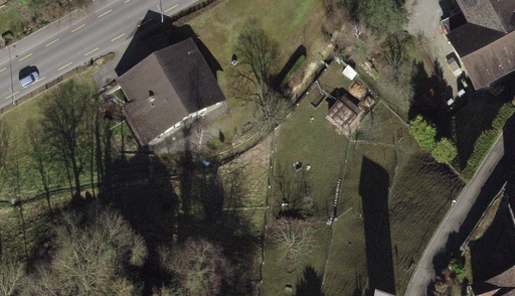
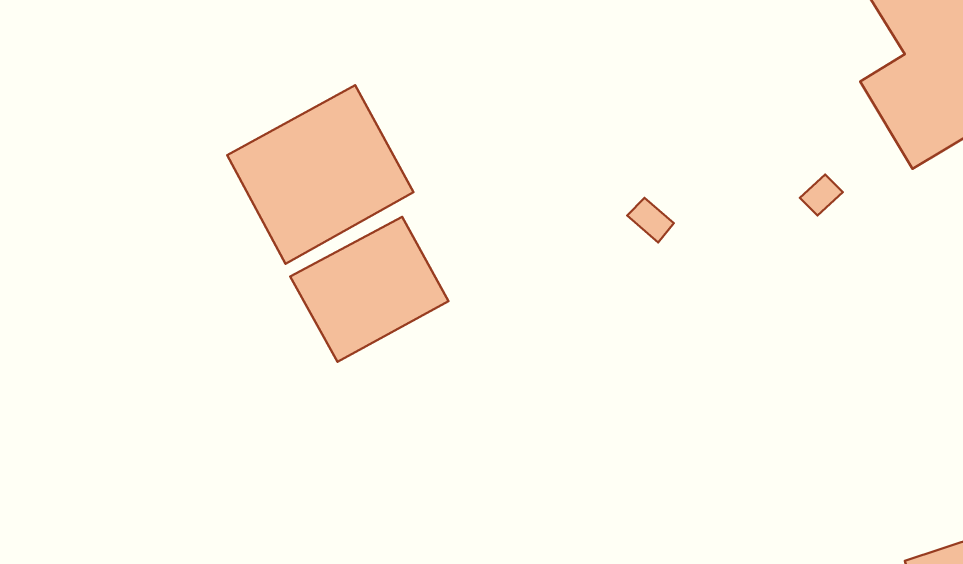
building: none -> [290,217,448,362]

